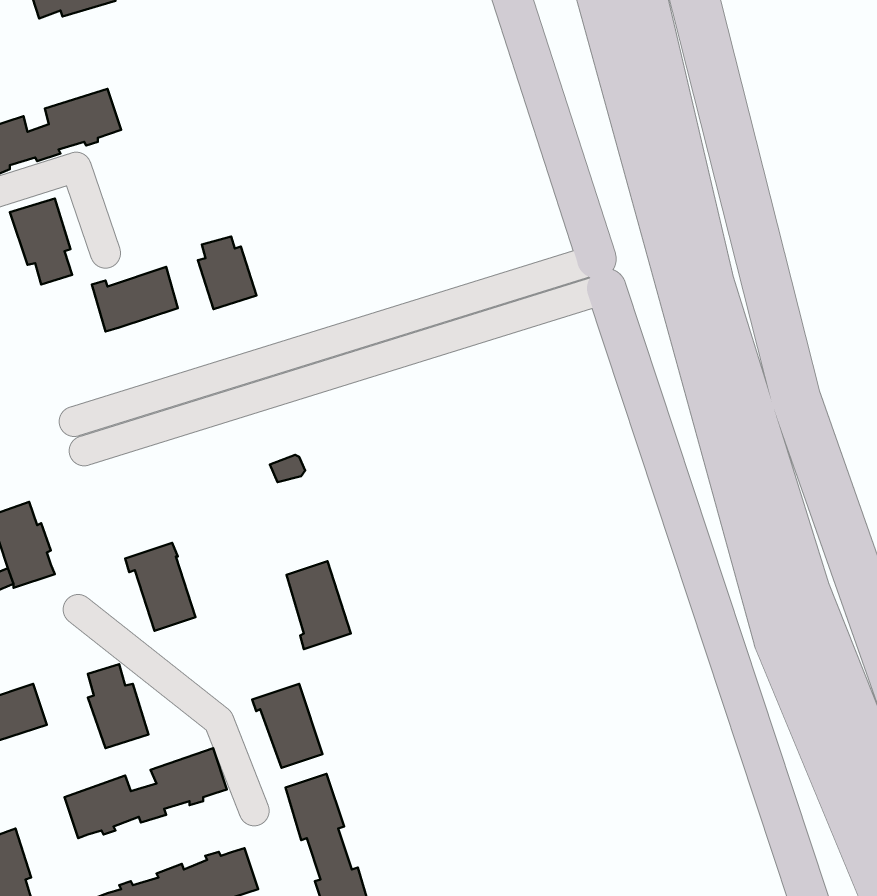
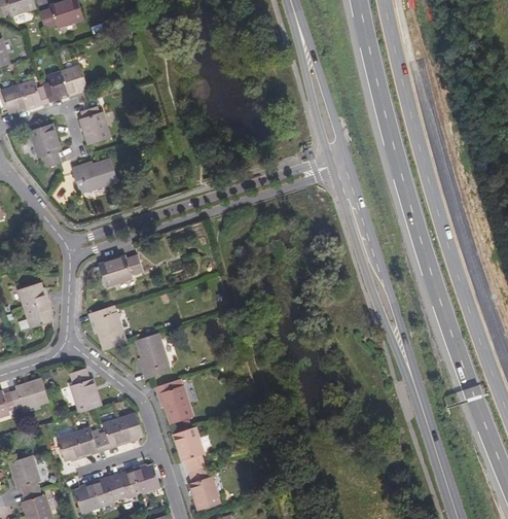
building: [198,237,256,309] -> [78,107,109,145]
building: none -> [98,254,142,286]
building: [286,561,351,649] -> [136,333,170,379]

